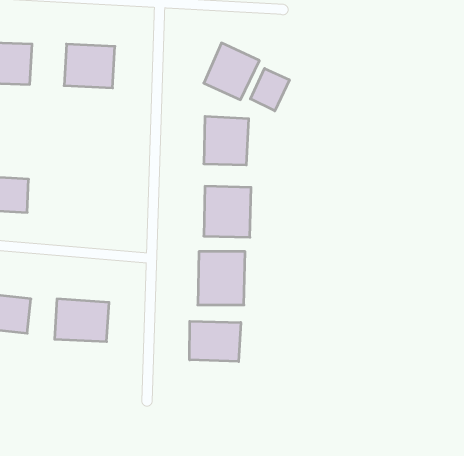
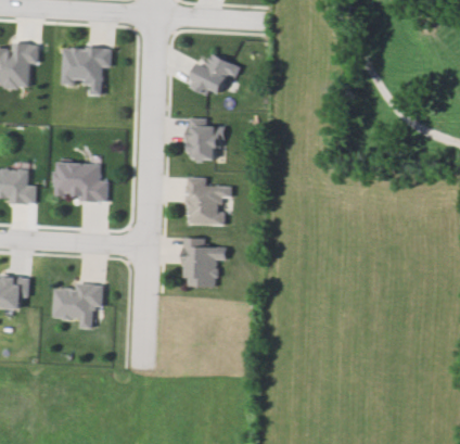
building: [250,68,289,111] -> none
building: none -> [54,163,102,198]
building: [190,321,241,362] -> none

